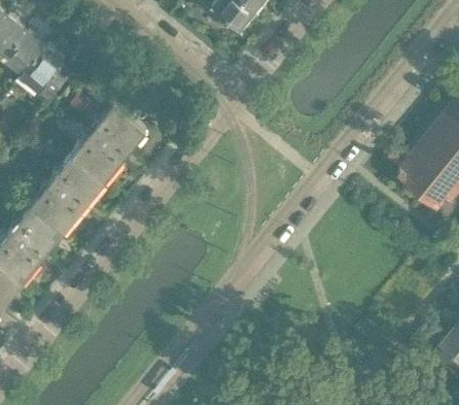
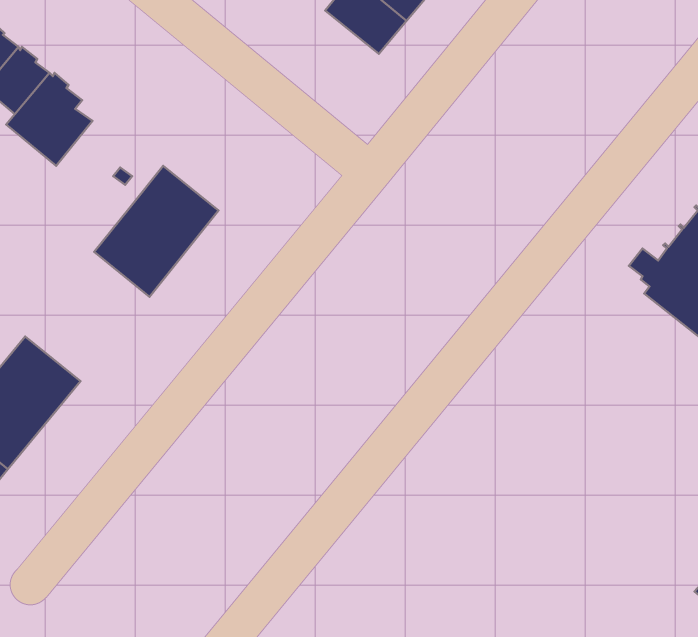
building: [31,153,105,230] -> none

